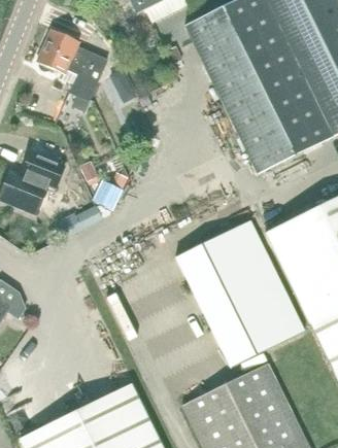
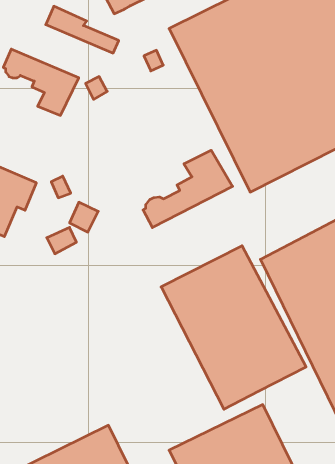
building: [42,28,108,70] -> [46,6,119,53]
building: none -> [143,150,233,228]

